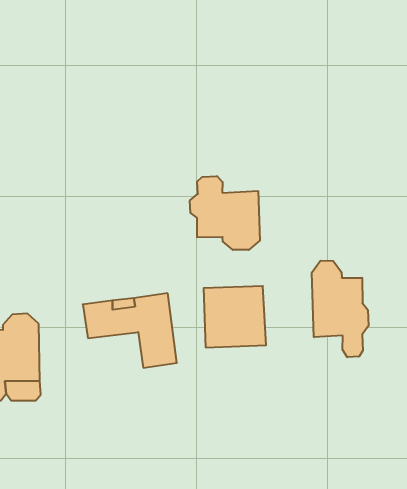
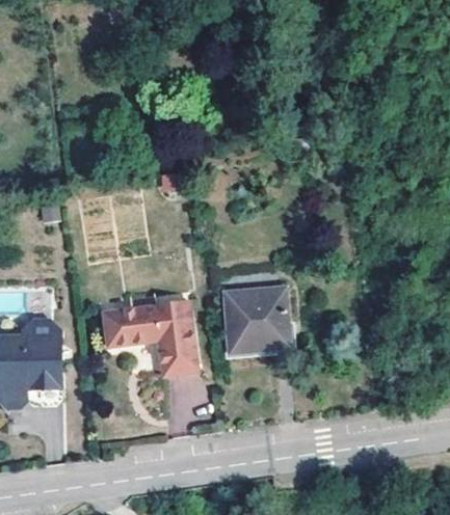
building: [190,176,260,250] -> none
building: [312,261,369,357] -> none

